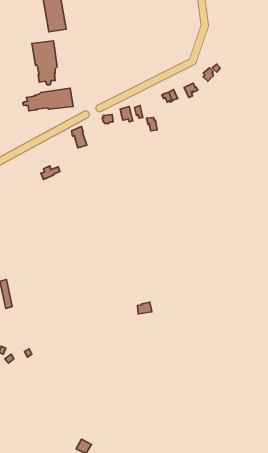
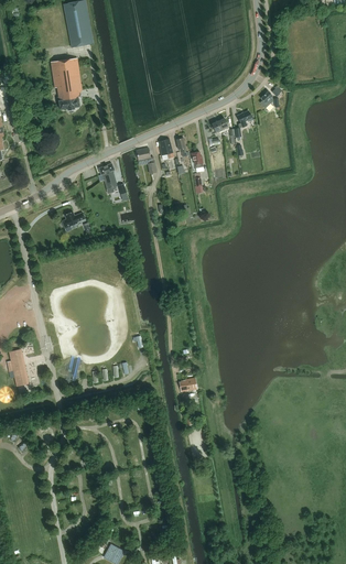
building: [23,88,73,111] -> none

